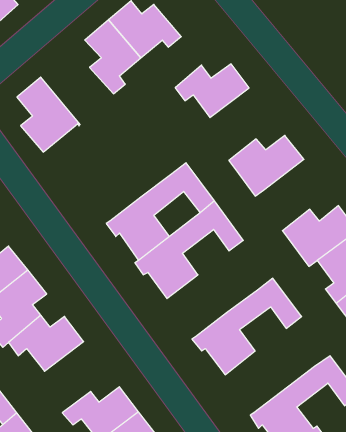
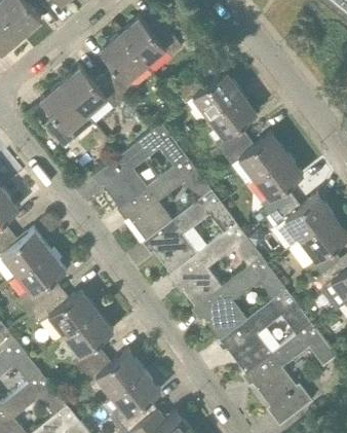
building: none -> [62,67,124,124]
building: none -> [207,93,258,155]
building: none -> [92,124,187,208]
building: none -> [254,154,304,216]
building: none -> [167,224,262,308]
building: none -> [218,290,311,373]
building: none -> [65,312,114,373]

